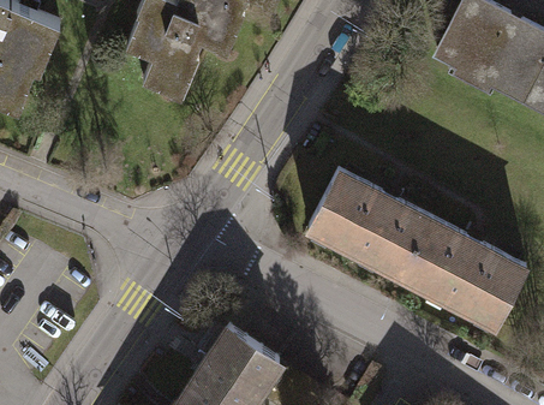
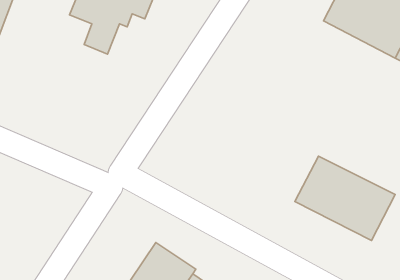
building: [306,171,430,275] -> none

